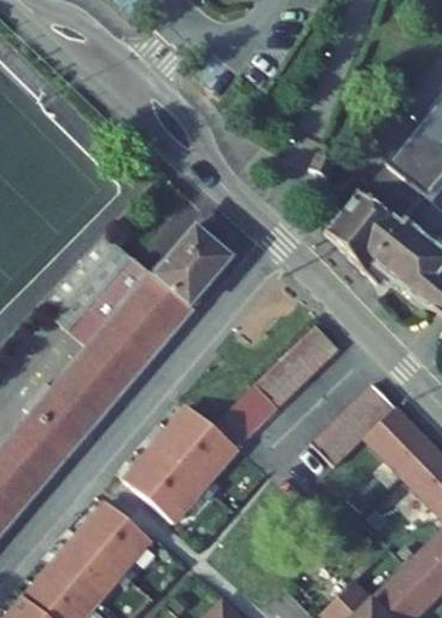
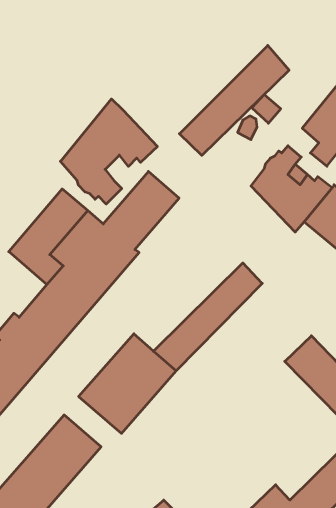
building: none -> [179,45,289,155]
building: none -> [60,99,157,204]
building: [314,384,397,466] -> none

